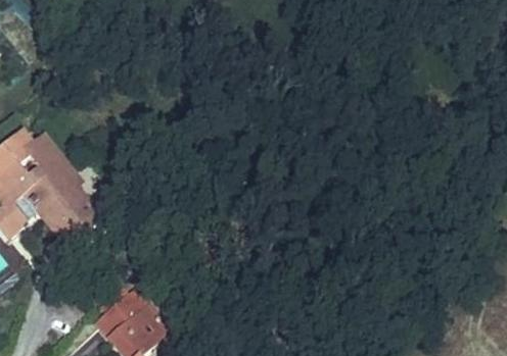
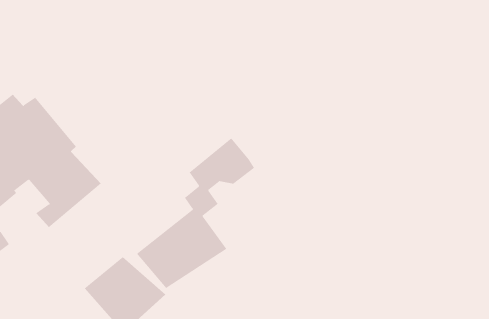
building: none -> [136,137,255,289]

